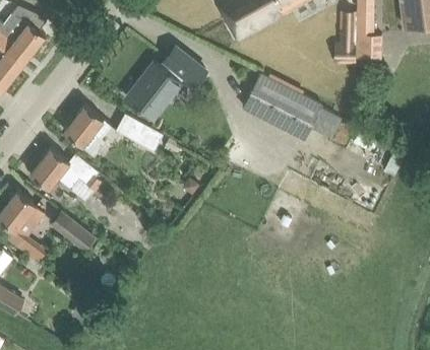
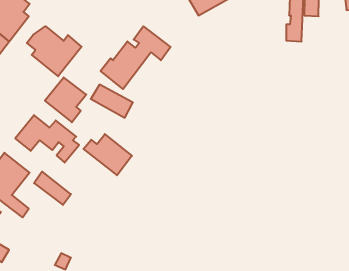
building: none -> [27,26,82,76]
building: [243,74,342,140] -> none
building: none -> [83,134,132,175]

